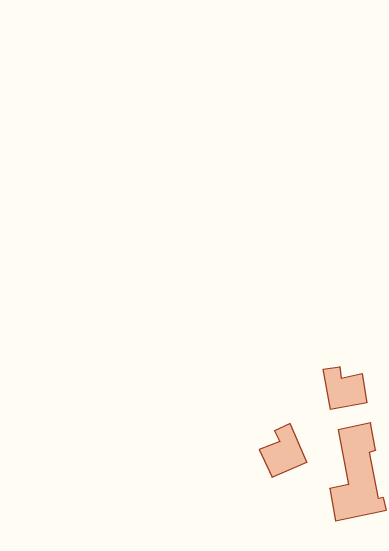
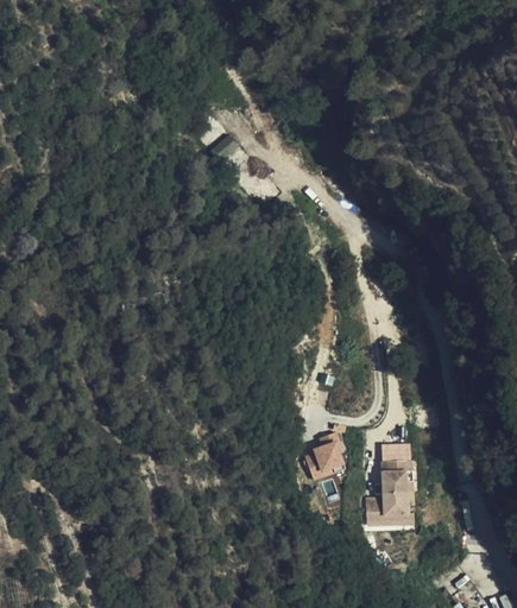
building: [323,367,367,409] -> none

